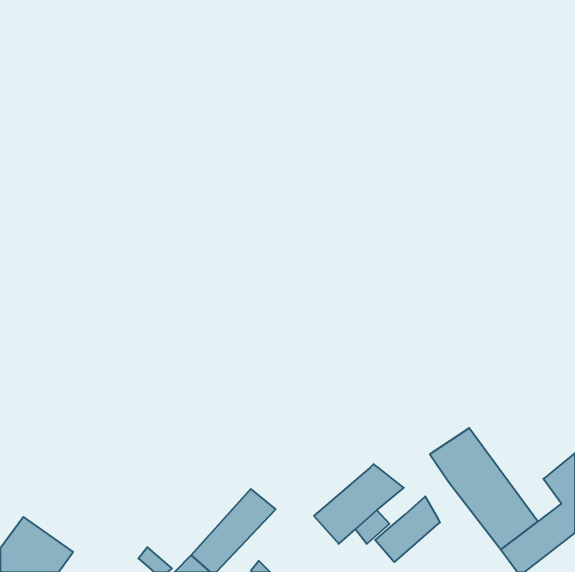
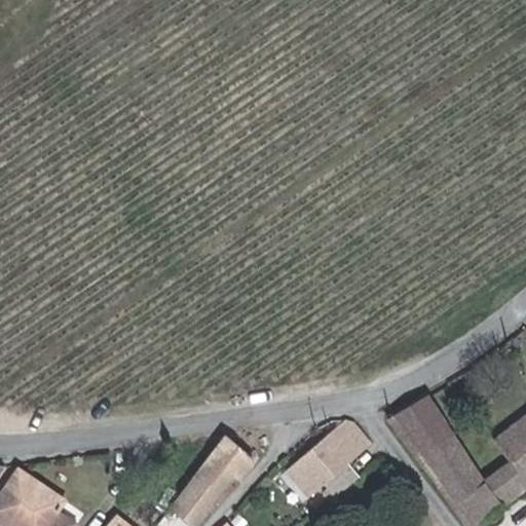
building: [375,496,440,562] -> none

